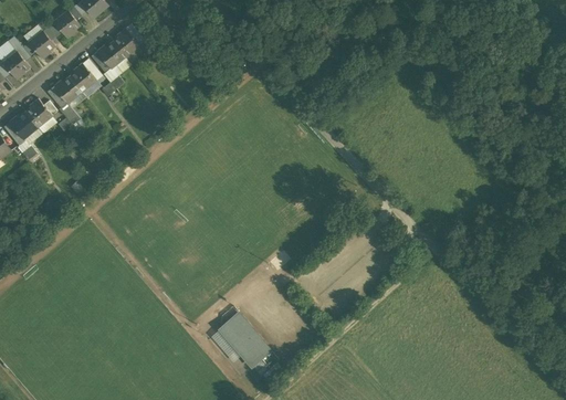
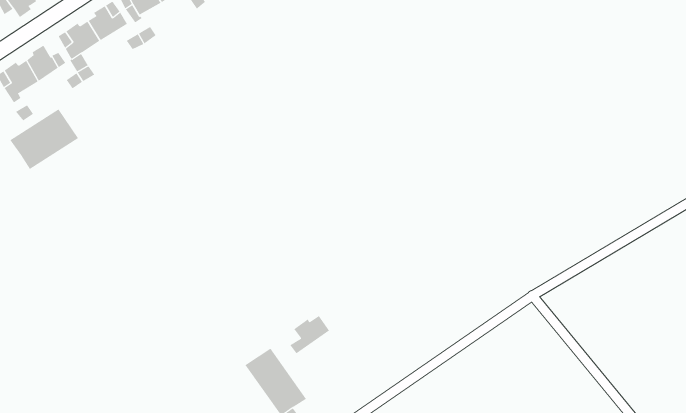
building: none -> [10,109,79,170]
building: none -> [290,315,330,354]

